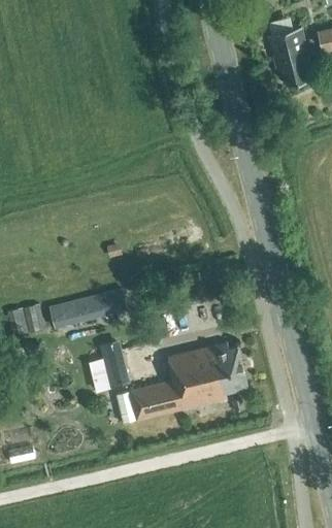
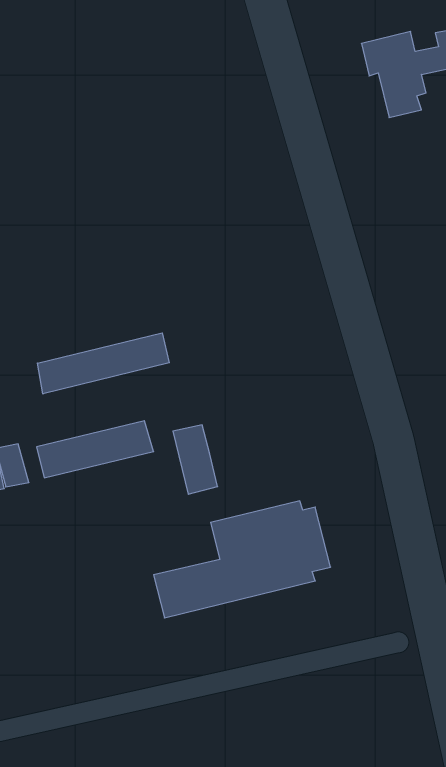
building: none -> [37,333,169,394]
building: [98,341,128,388] -> [173,425,218,494]

